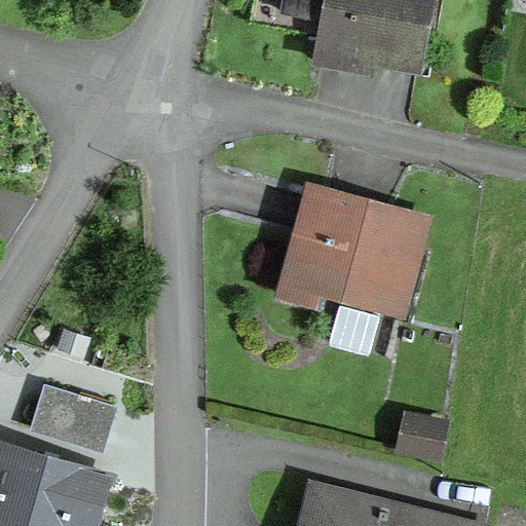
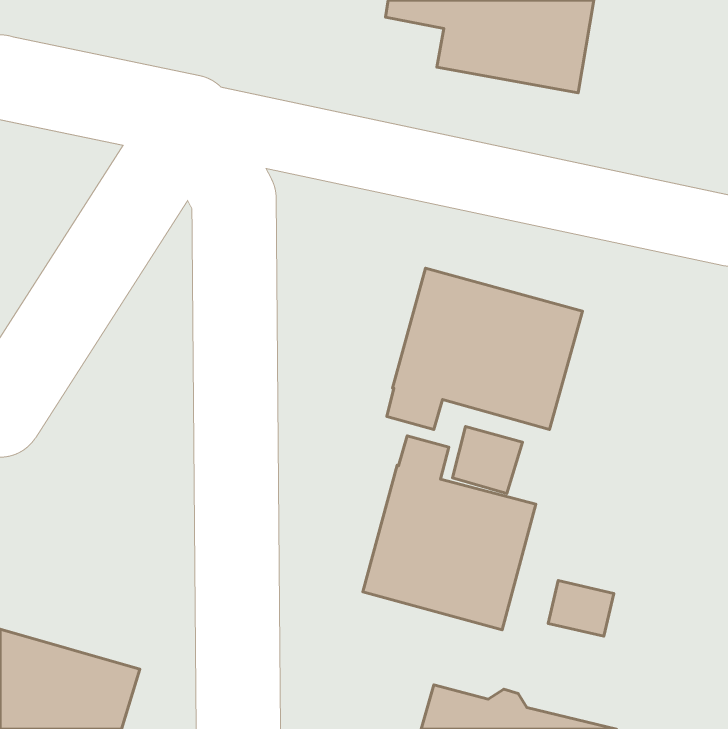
building: none -> [363,436,536,630]
building: [43,391,130,459] -> none

